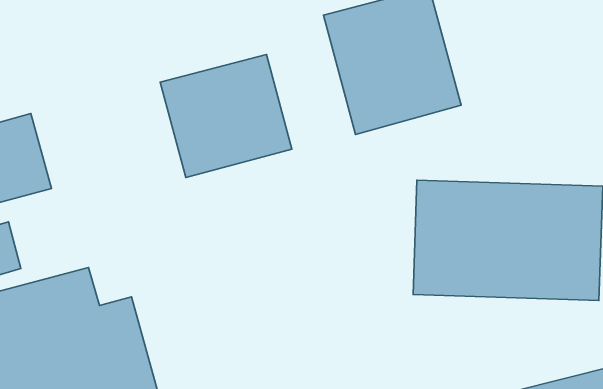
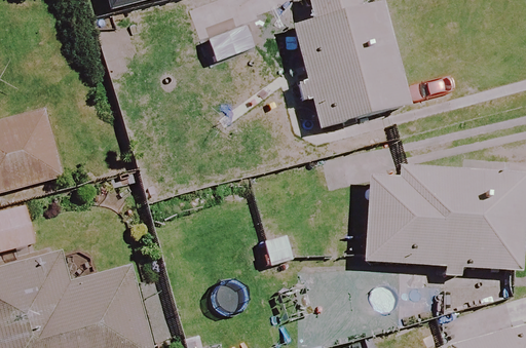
building: [160,54,292,178] -> none

